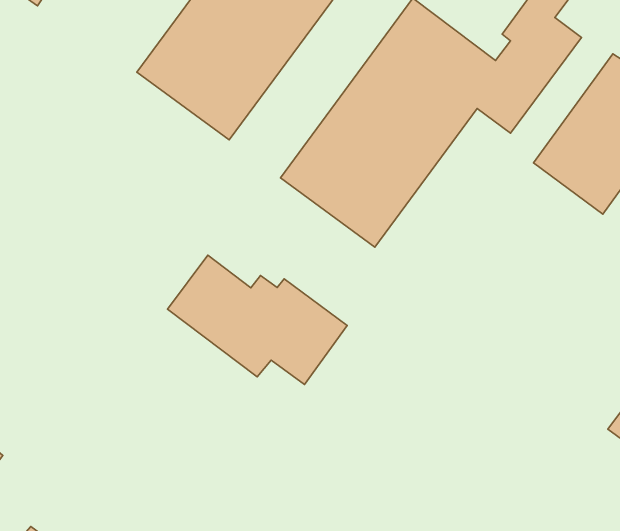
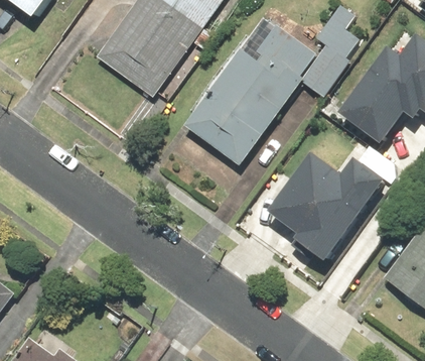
building: none -> [267,153,382,264]
building: [168,255,347,385] -> none

